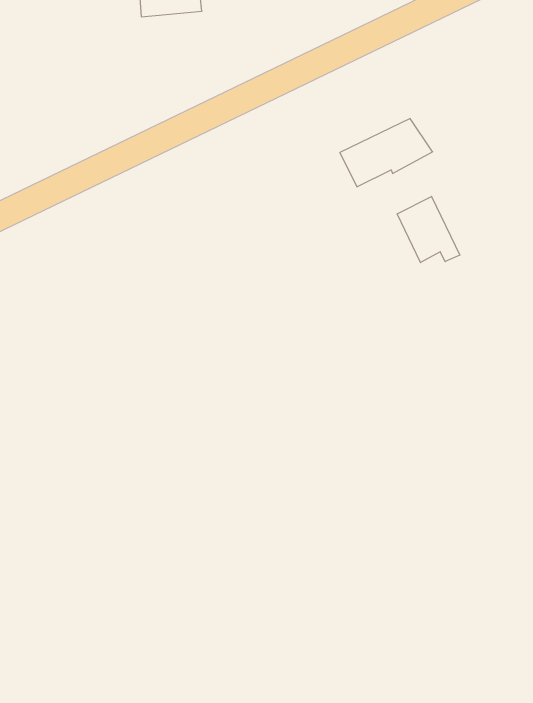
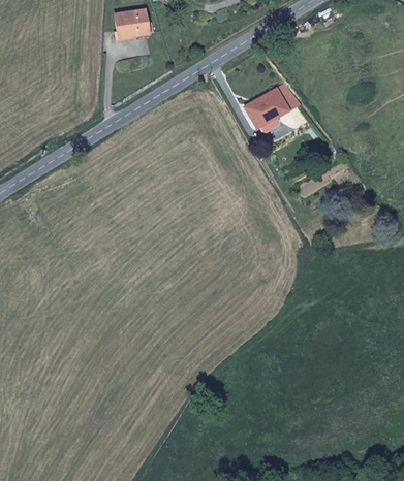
building: [397,196,460,263] -> none

